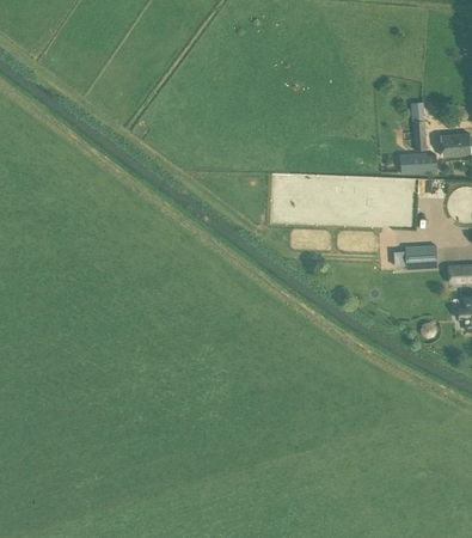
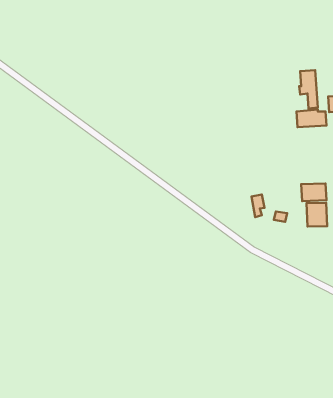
building: none -> [307,203,327,227]

